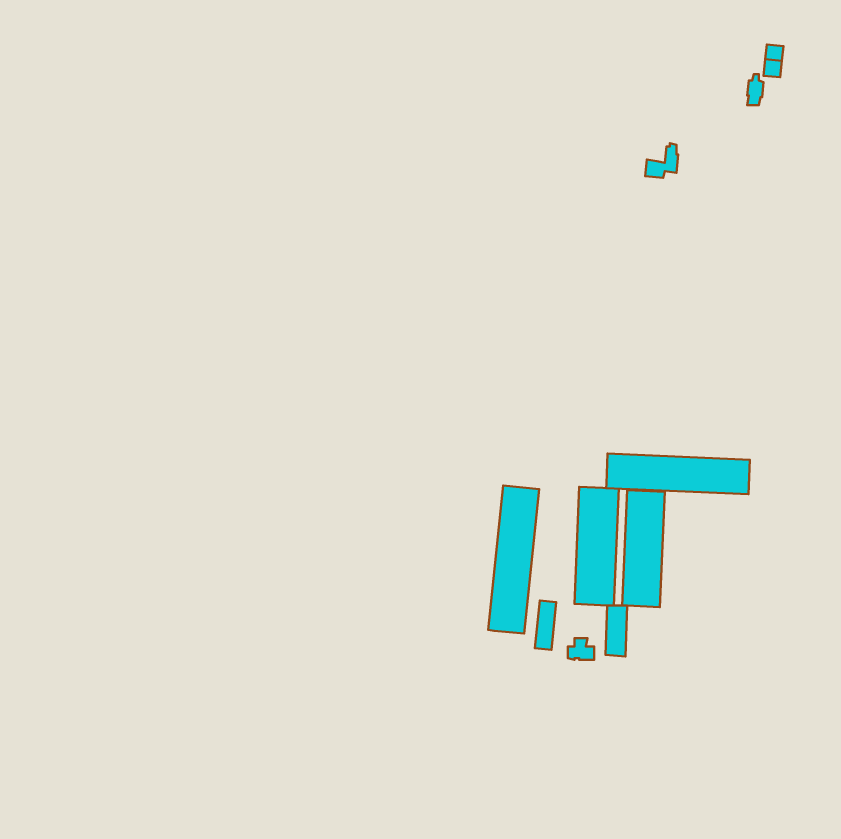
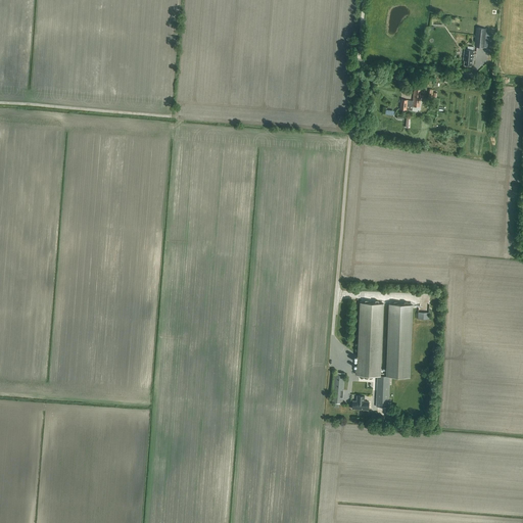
building: [606,454,750,494] -> none
building: [488,485,539,633] -> none

